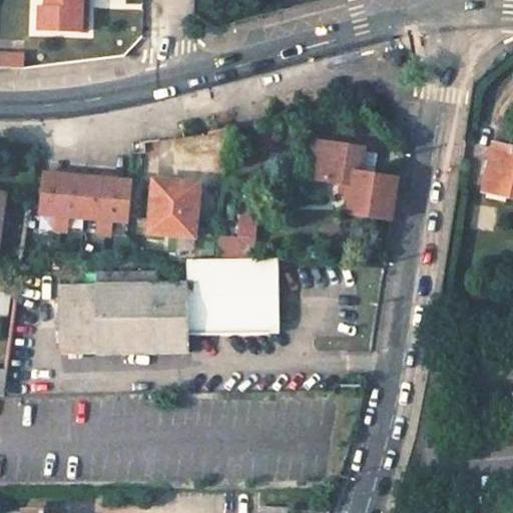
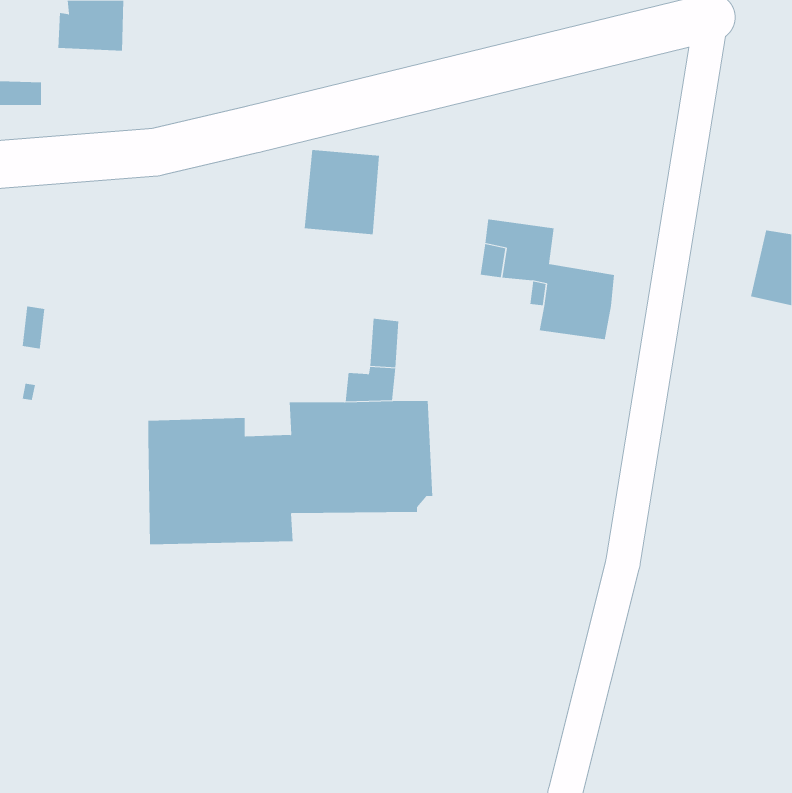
building: [41,174,131,235] -> none
building: [149,180,198,235] -> [304,149,380,235]
building: [58,283,96,353] -> none

